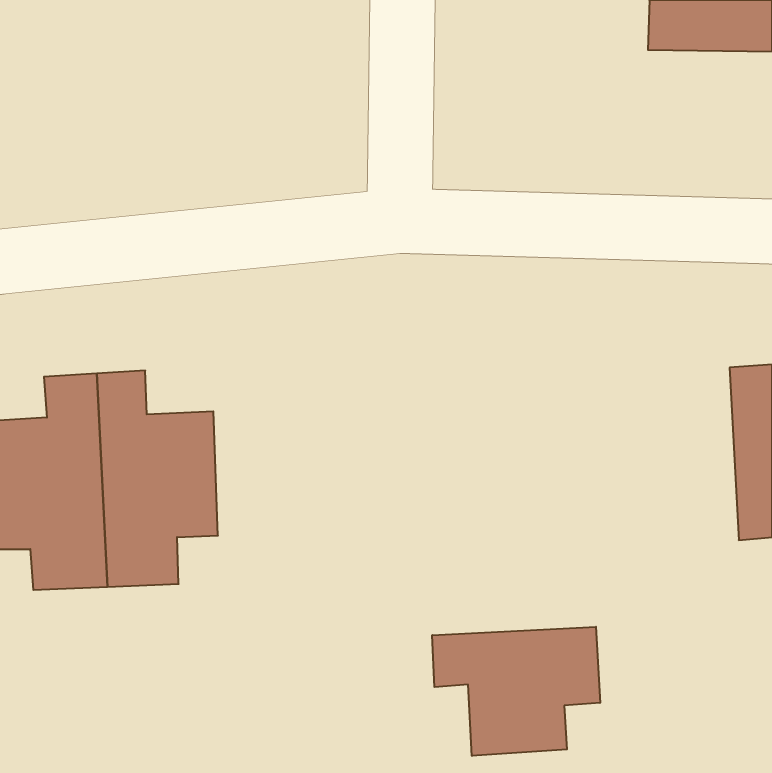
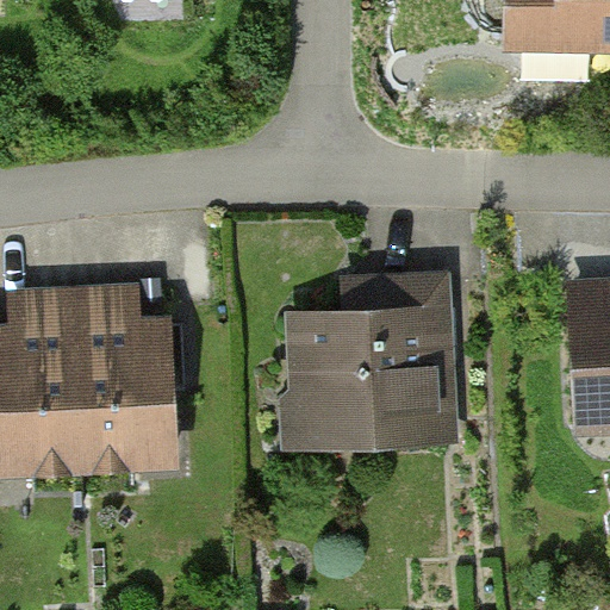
building: none -> [299,280,449,427]
building: [432,627,600,756] -> none

